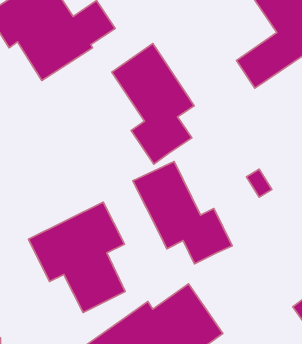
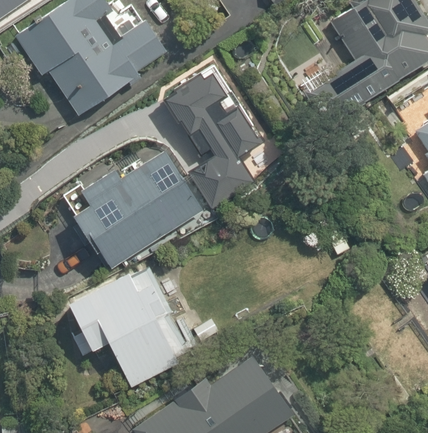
building: none -> [66,149,203,274]
building: [133,161,232,264] -> none

